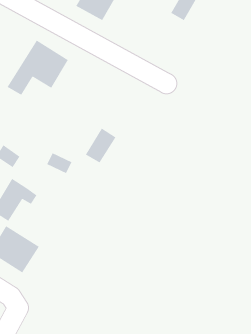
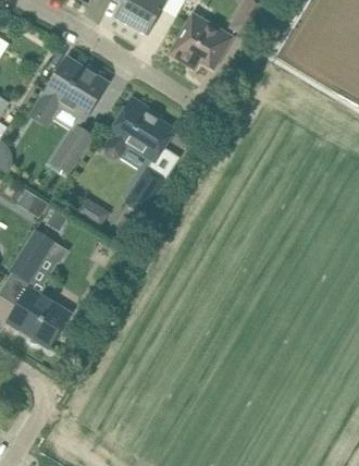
building: none -> [169,13,231,69]
building: none -> [103,97,173,160]
building: none -> [52,123,91,171]

